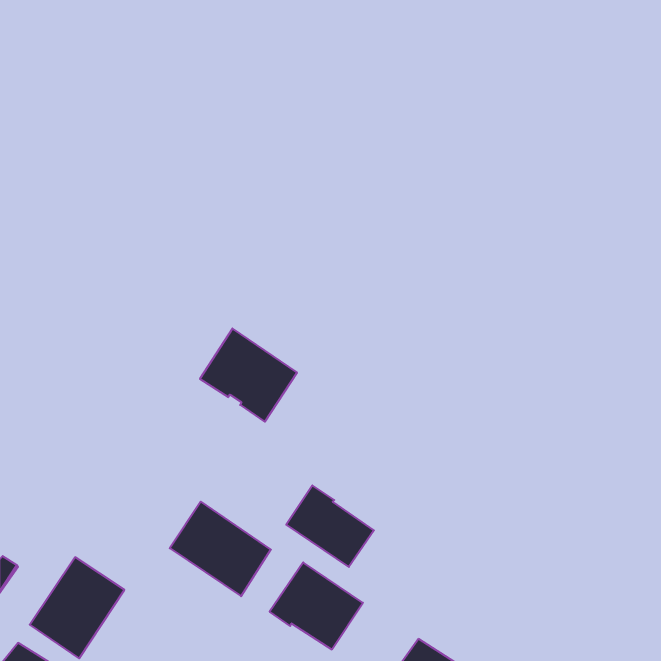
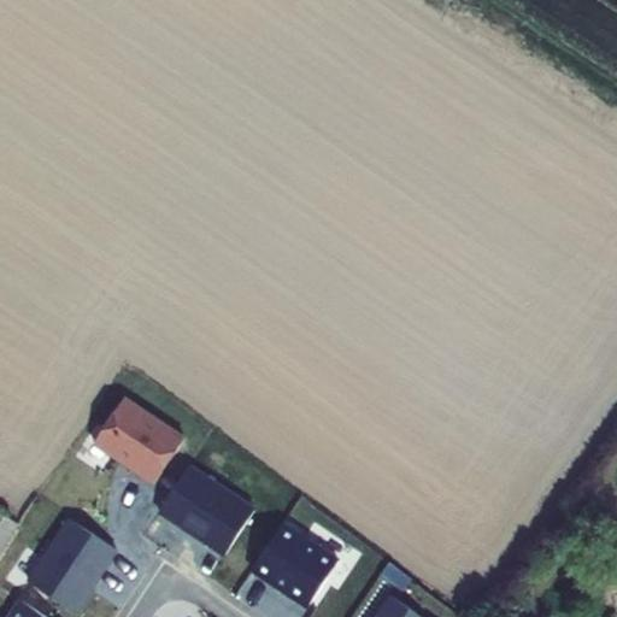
building: [200,328,297,422] -> [93,396,183,483]
building: [286,485,374,567] -> none

